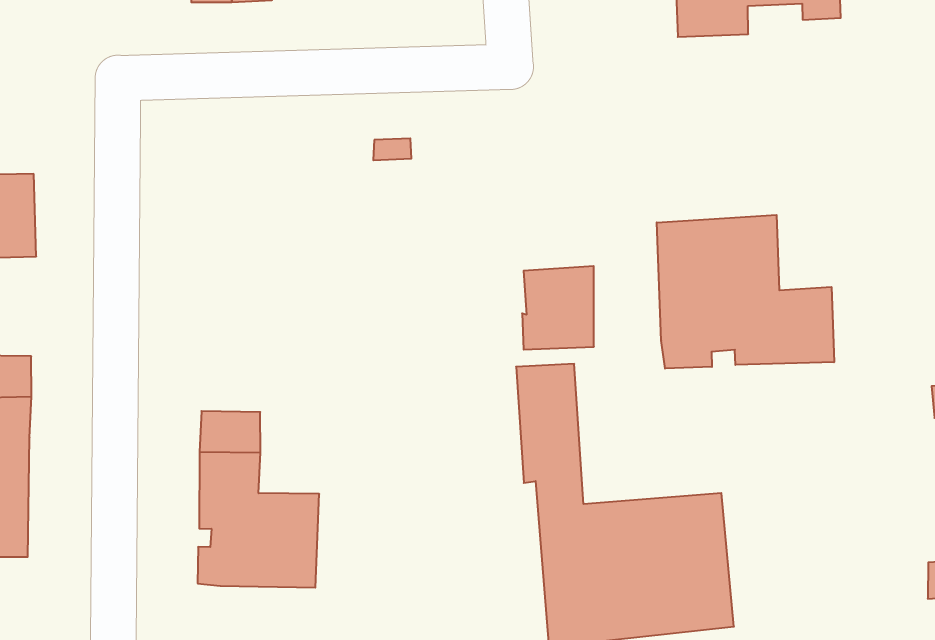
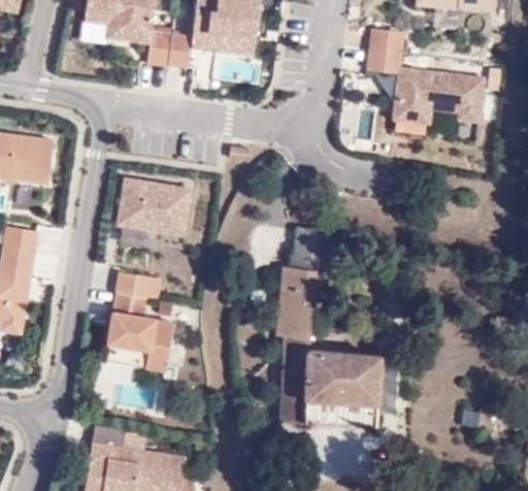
building: [657,215,834,369] -> none
building: none -> [117,178,191,235]

